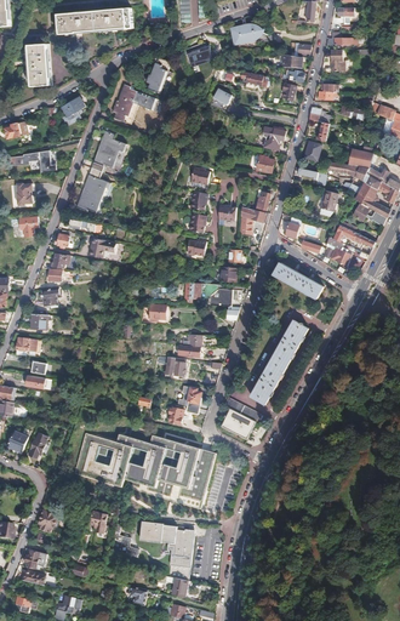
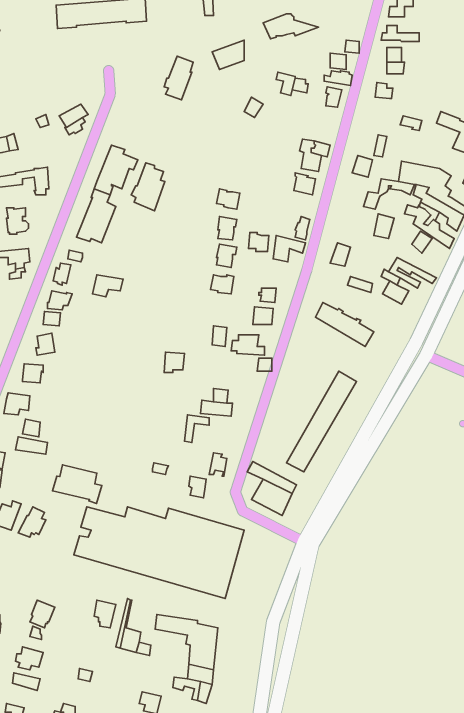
building: [33,38,57,80] -> none
building: [112,84,139,124] -> [131,163,165,211]
building: none -> [52,465,102,503]

